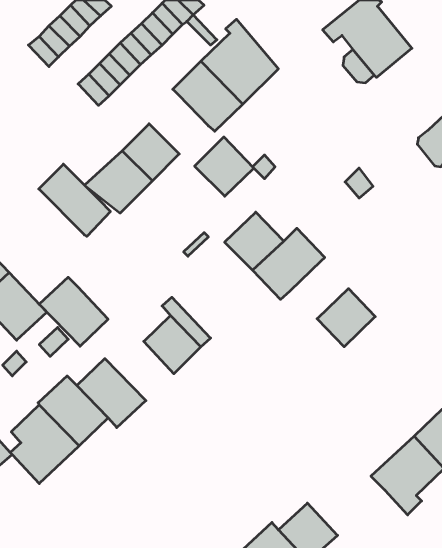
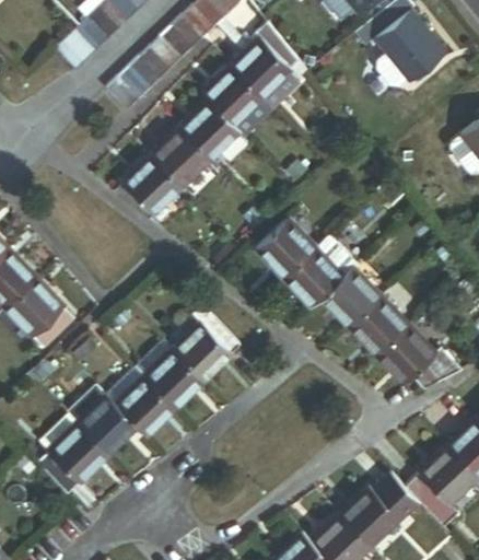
building: [195,137,254,196] -> [178,98,238,159]
building: [39,164,110,236] -> none
building: none -> [322,267,381,326]
building: [39,277,108,346] -> [133,339,203,409]
building: none -> [376,324,462,389]
building: none -> [339,472,418,546]

